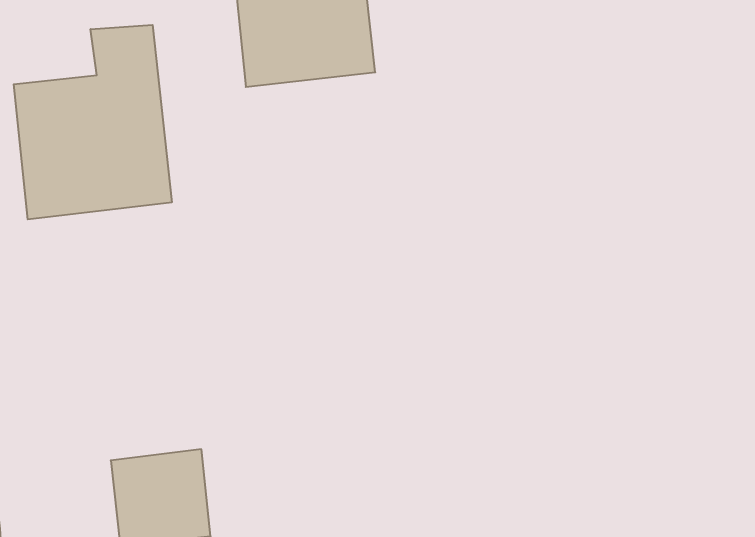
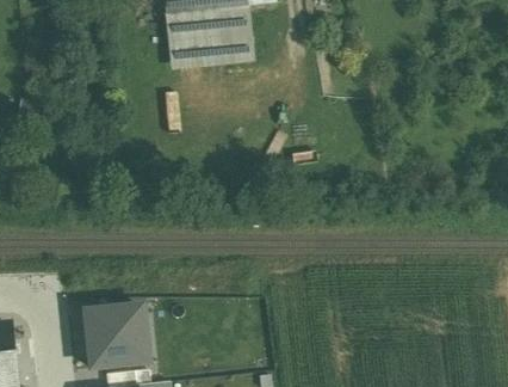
building: [14,25,172,219] -> none

